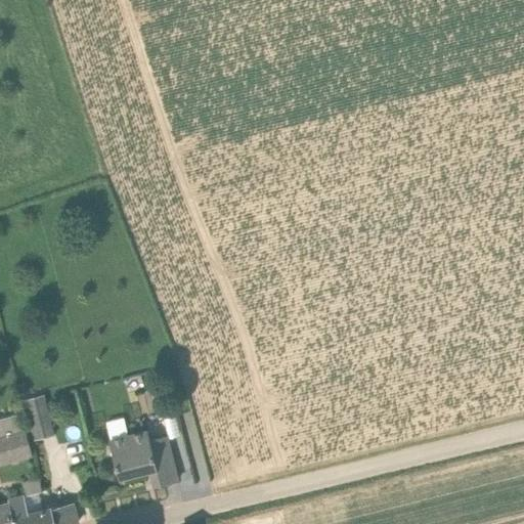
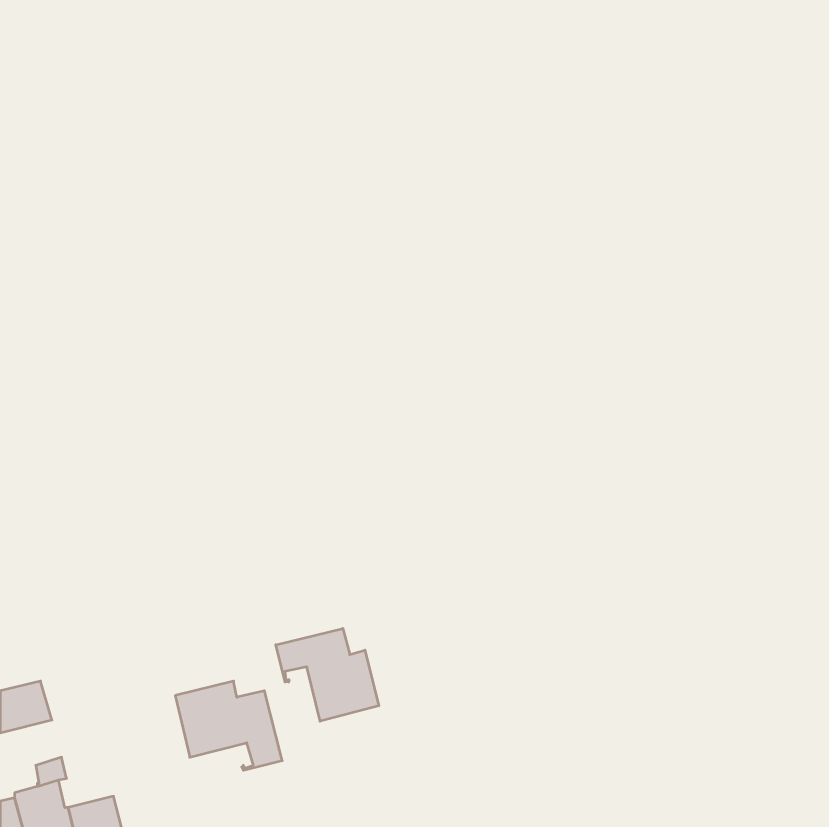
building: none -> [276,628,379,721]
building: [28,409,53,441] -> none

